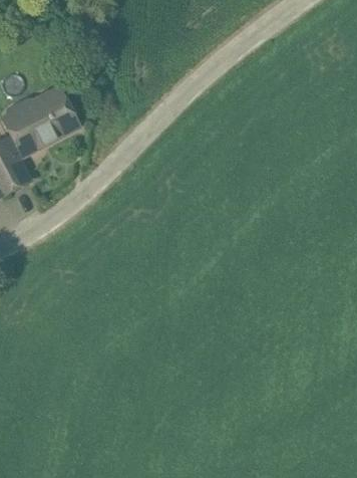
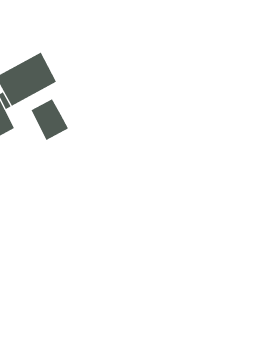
building: none -> [31,99,69,141]

